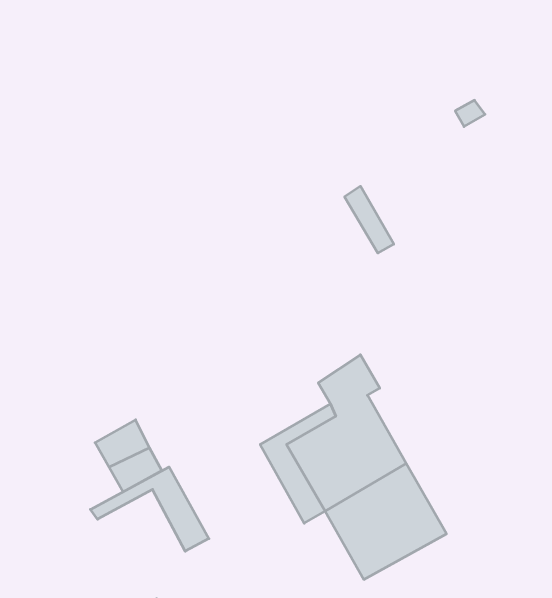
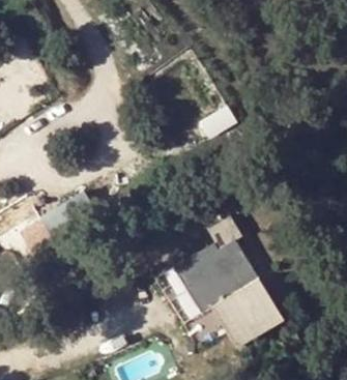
building: [90,467,209,551] -> none

